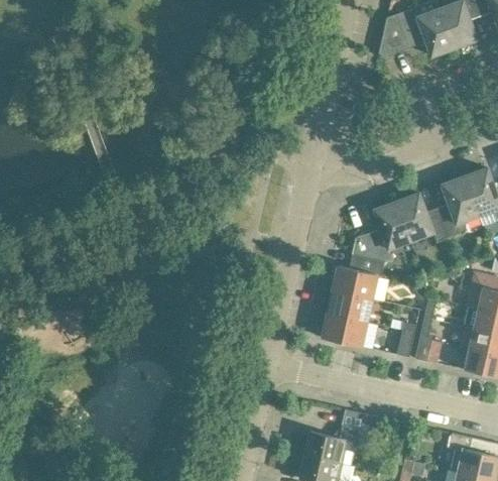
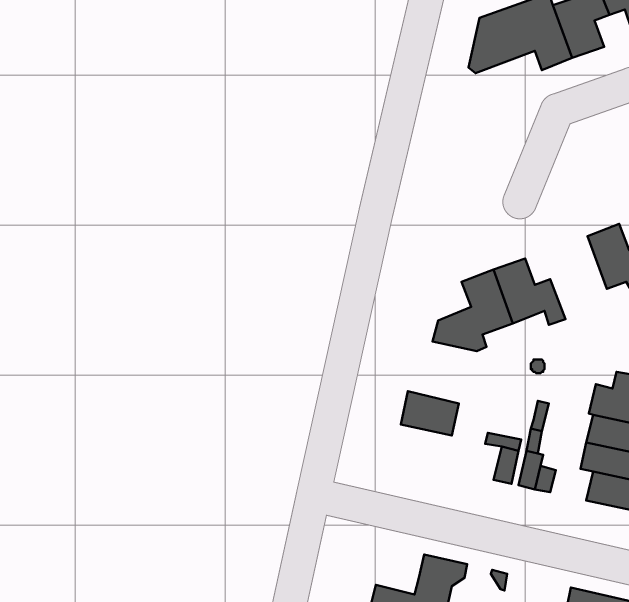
building: [438,177,479,238] -> none
building: [334,254,384,299] -> none
building: [323,315,366,347] -> none

